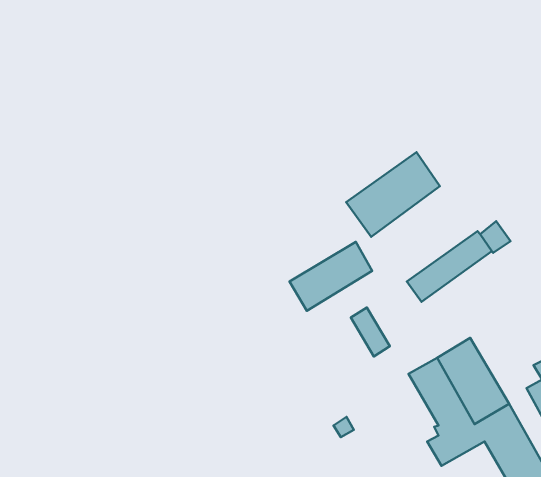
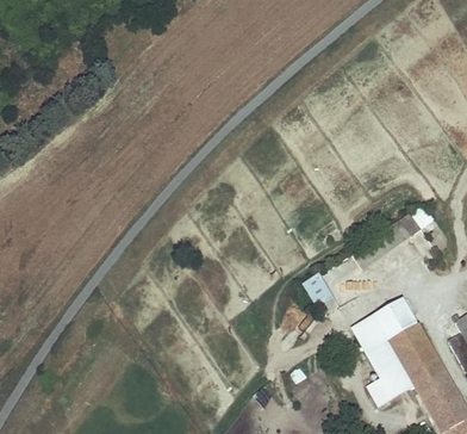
building: [346,152,440,237] -> none
building: [289,242,372,311] -> none

